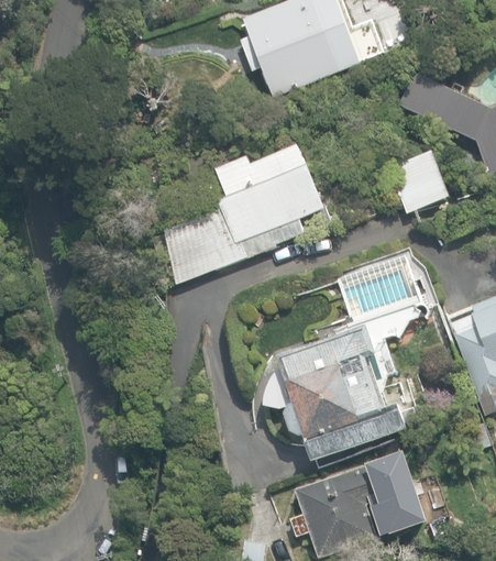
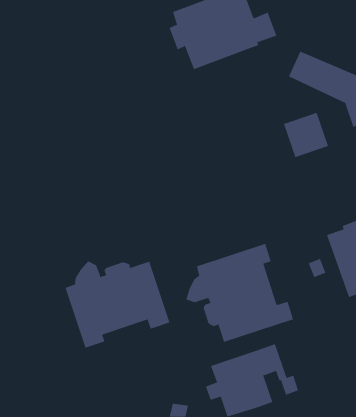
building: [166,142,328,283] -> none
building: [339,253,423,321] -> none
building: none -> [65,260,170,349]

